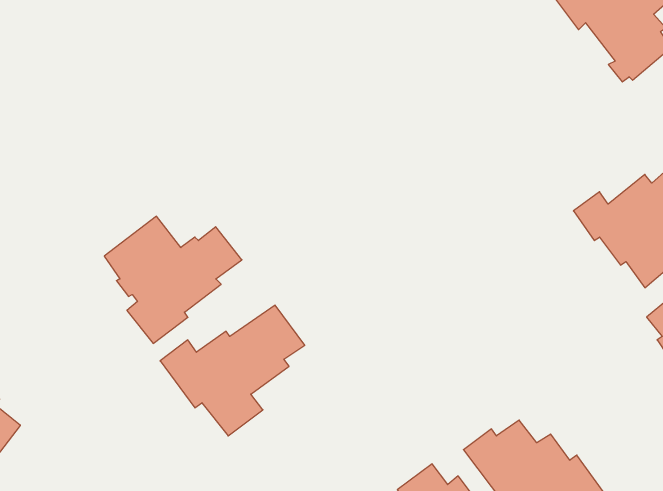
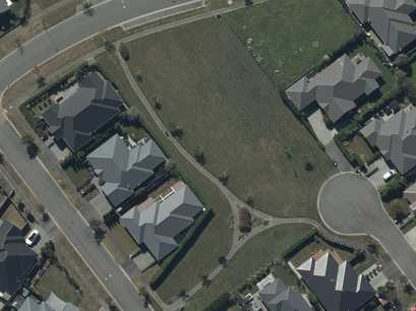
building: none -> [285,54,381,122]
building: none -> [43,71,124,153]

